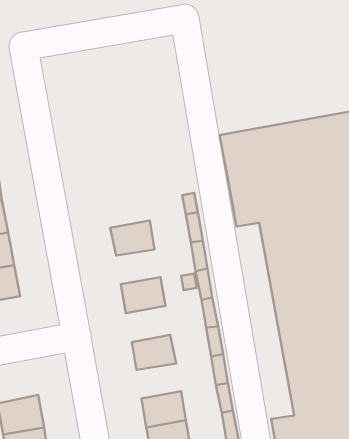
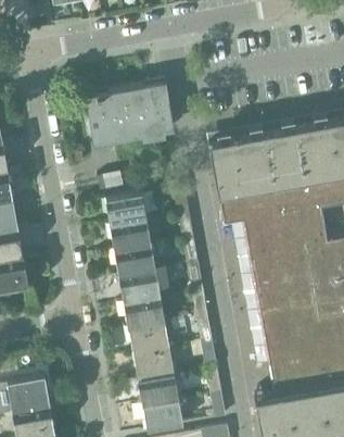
building: none -> [87,85,171,142]
building: none -> [105,195,145,227]
building: none -> [115,247,155,278]
building: none -> [124,298,164,330]
building: none -> [133,350,174,382]

